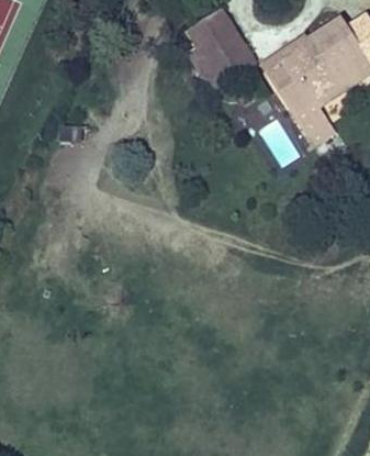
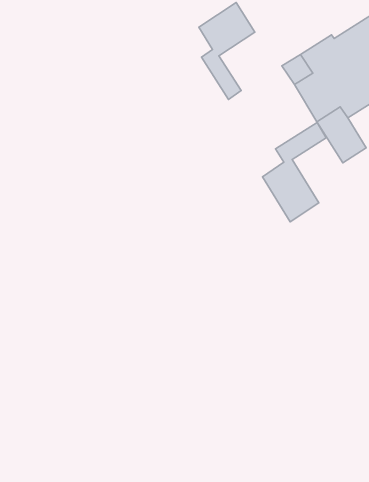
building: [204,32,257,84] -> none
building: none -> [263,122,326,222]

